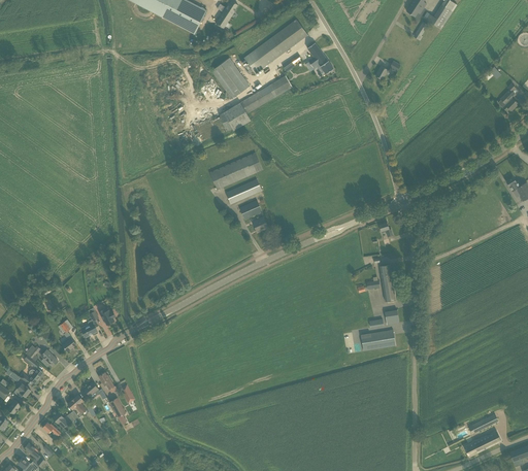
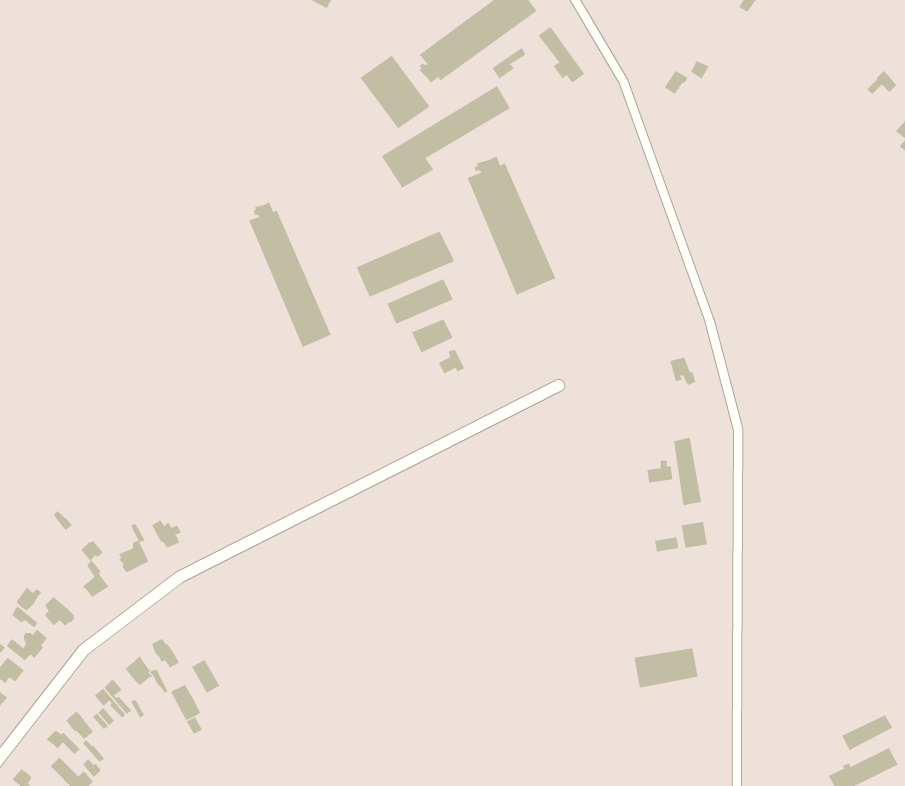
building: none -> [467,156,556,296]
building: none -> [248,202,332,348]
building: [360,328,395,350] -> [633,646,698,688]

